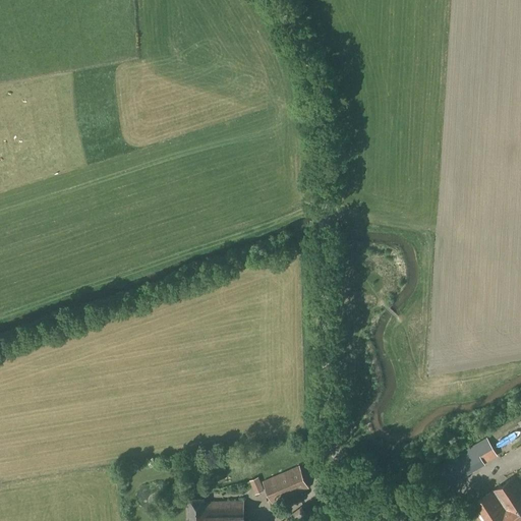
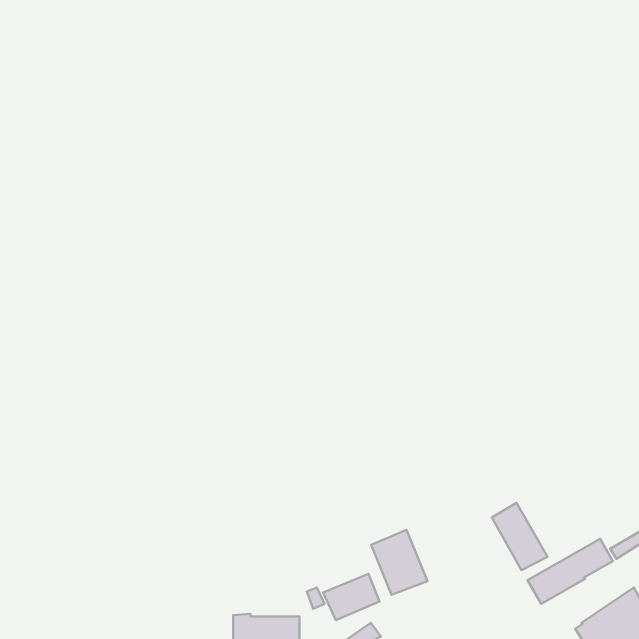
building: none -> [492,503,547,570]
building: none -> [371,530,428,595]

